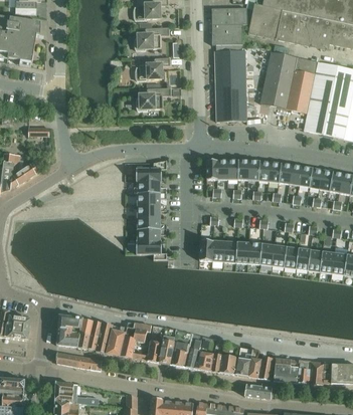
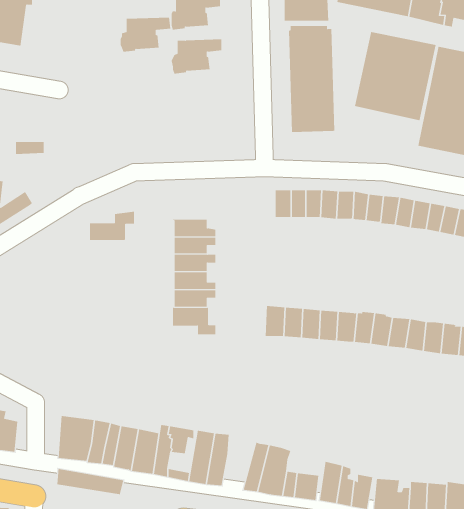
building: [136,87,171,112] -> [120,17,171,52]
building: [136,161,167,182] -> [89,211,135,242]
building: [170,329,193,367] -> none

